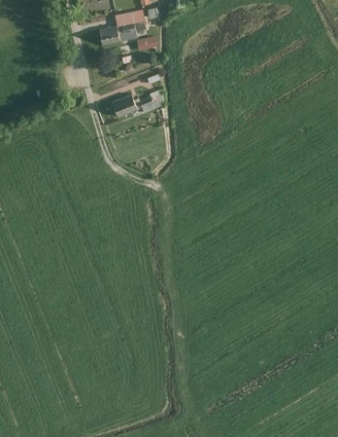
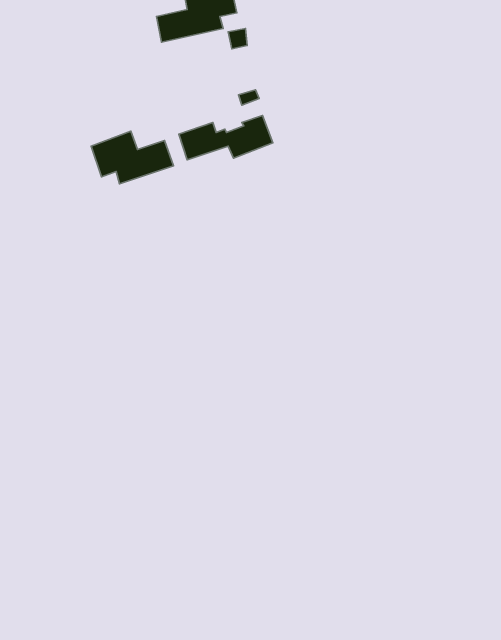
building: none -> [91,131,174,184]

